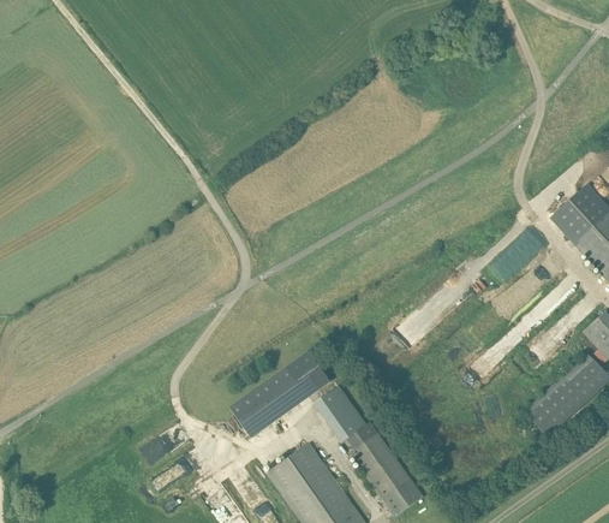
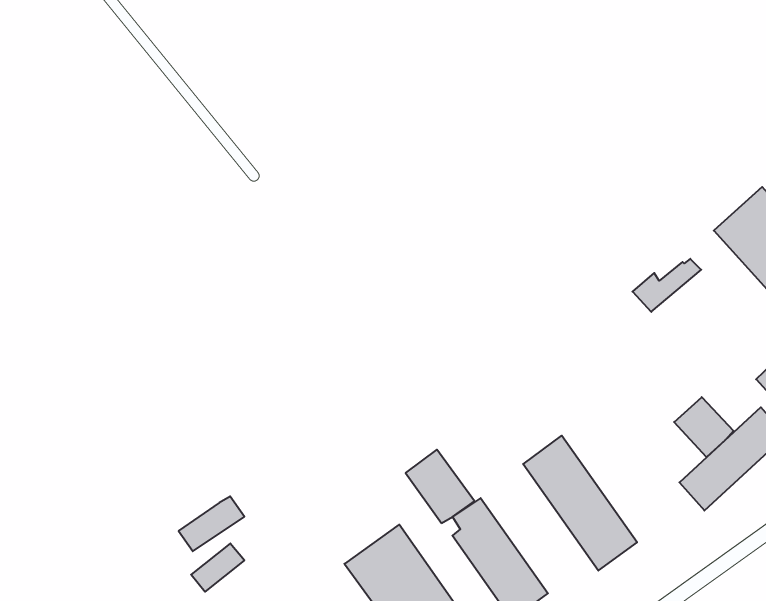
building: none -> [674,397,733,457]
building: [229,352,330,439] -> none
building: none -> [523,436,637,571]

